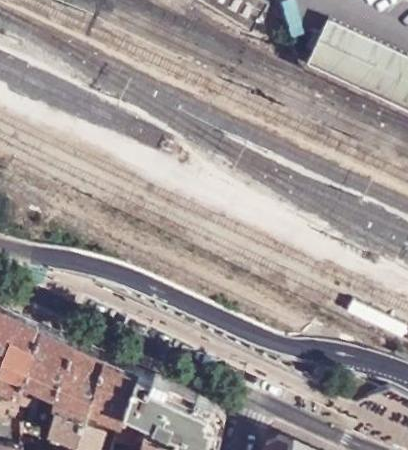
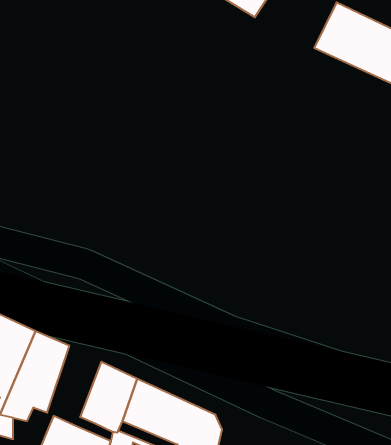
building: [50,346,101,422] -> none

